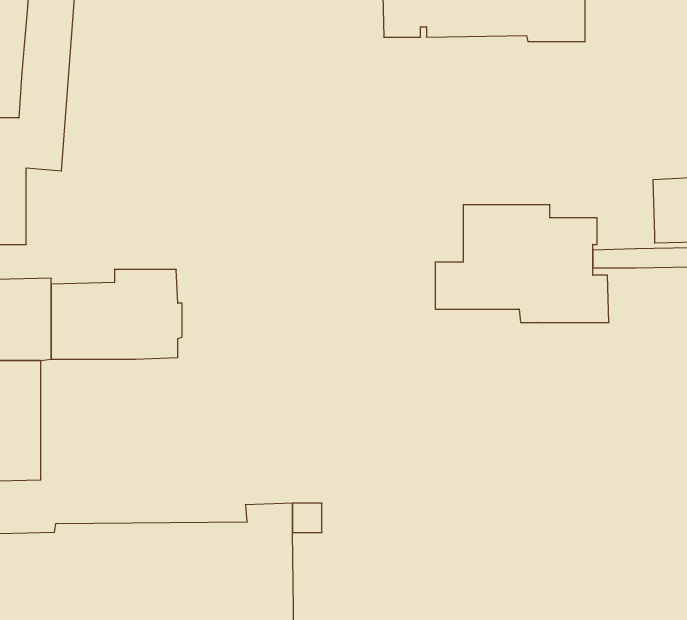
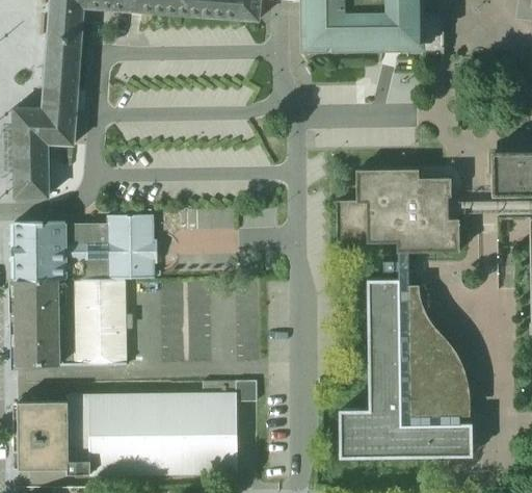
building: none -> [339,253,472,458]
building: none -> [58,279,126,364]

